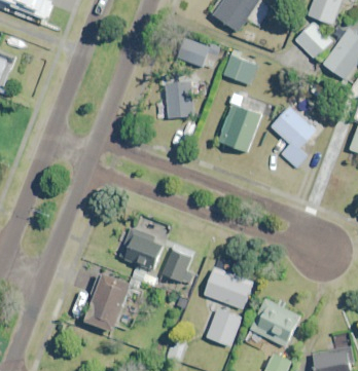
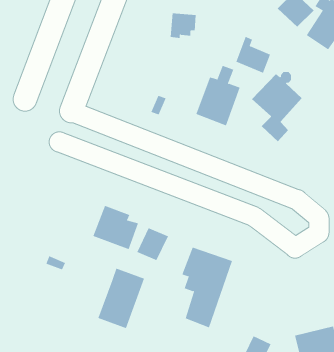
building: [223,49,257,85] -> [236,36,271,74]
building: [166,81,193,117] -> none
building: [85,273,131,332] -> [98,268,145,329]
building: [250,299,299,346] -> none

